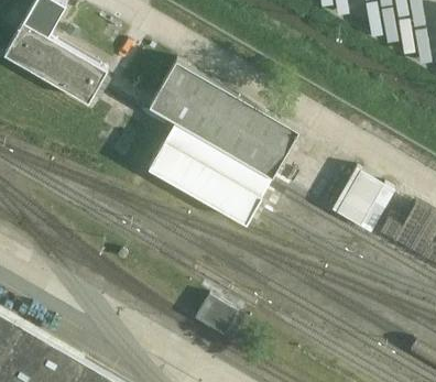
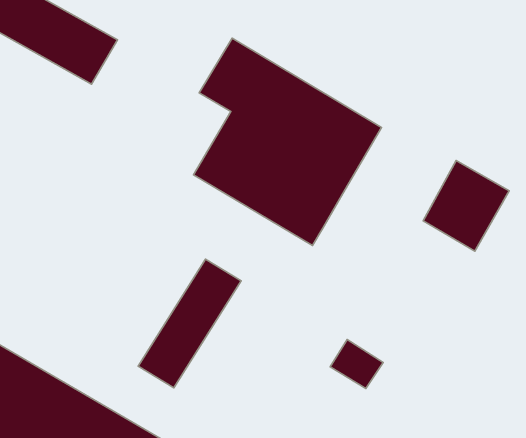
building: none -> [138,259,241,388]
building: [195,296,236,334] -> [330,340,383,389]

